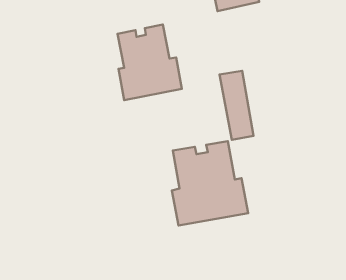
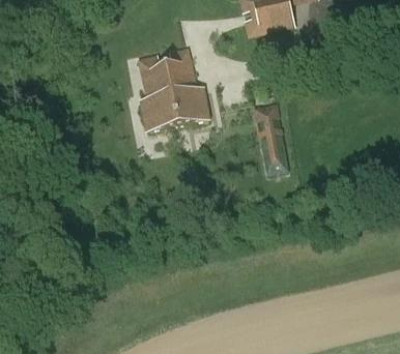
building: [172,141,248,225] -> none

